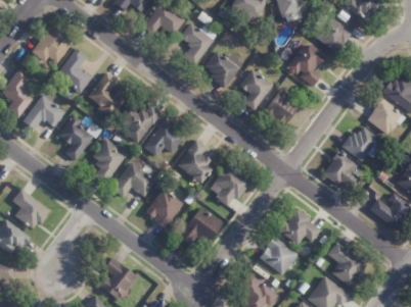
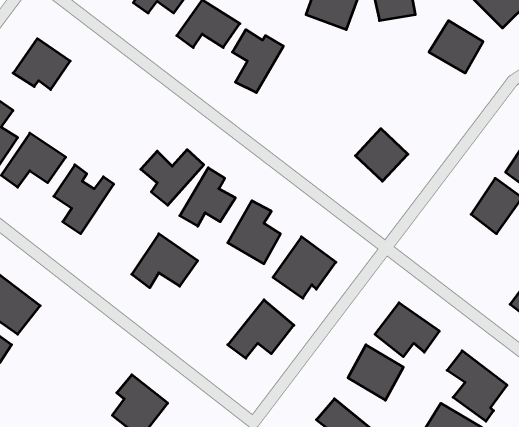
building: [287,42,327,86] -> none
building: [55,48,92,93] -> none
building: [203,51,243,88] -> none
building: [238,68,272,110] -> none
building: [88,71,126,118] -> none
building: [91,139,126,184] -> none
building: [321,151,360,188] -> none
building: [145,189,182,227] -> none

